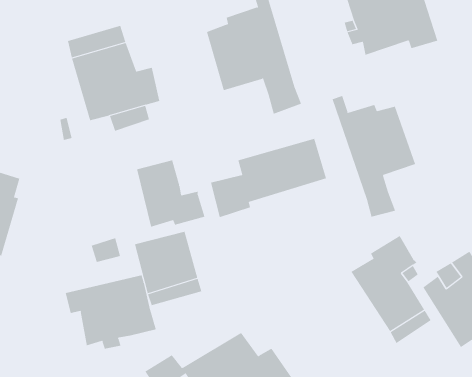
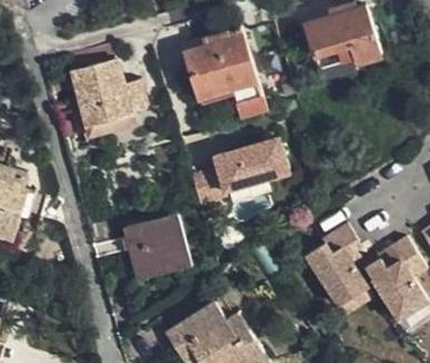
building: [332,95,416,218] -> none
building: [136,159,205,227] -> none
building: [65,274,157,349] -> none

